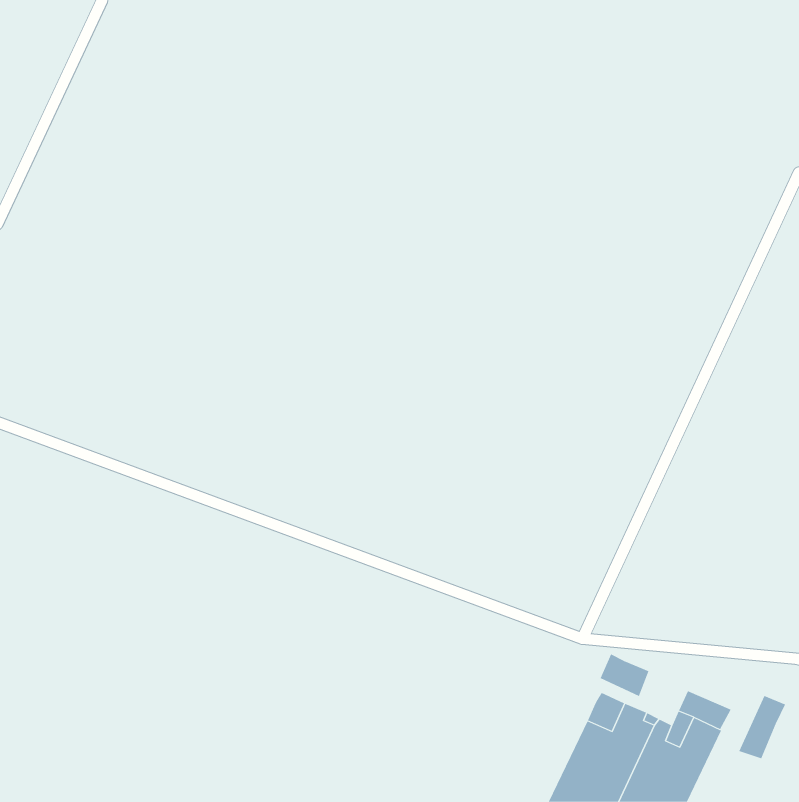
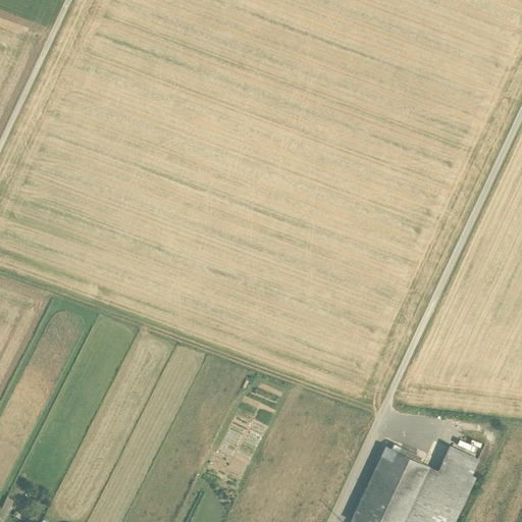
building: [600,654,649,697] -> none
building: [738,695,786,759] -> none

